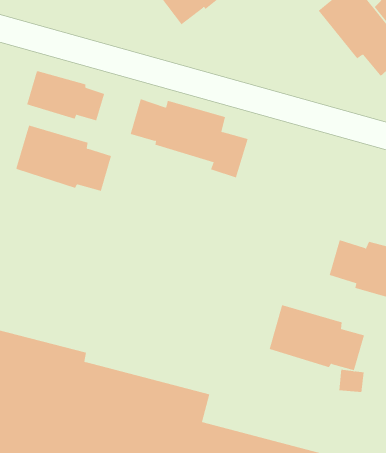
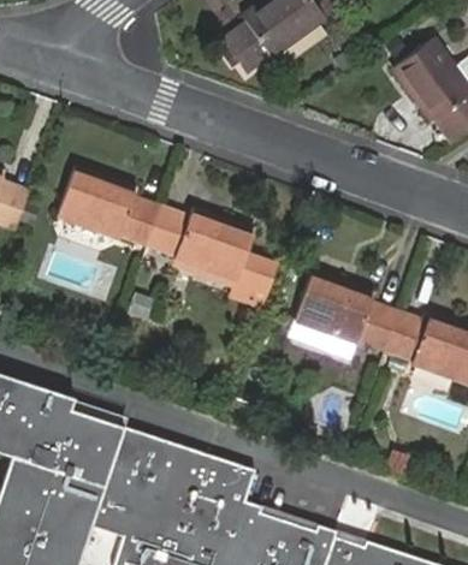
building: [26,71,105,121] -> none
building: [130,98,249,178] -> [149,209,276,301]
building: [269,304,365,371] -> [296,275,399,351]

